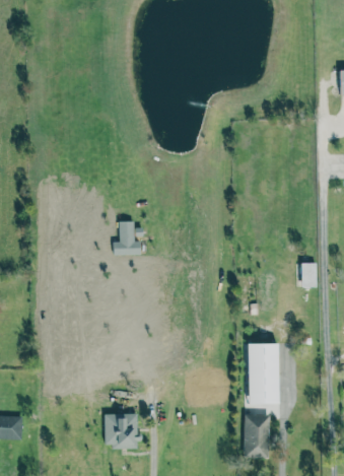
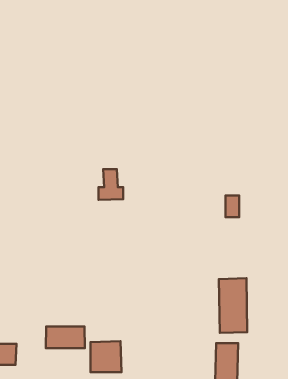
building: [301,263,317,287] -> [226,195,239,217]
building: none -> [46,326,85,348]

